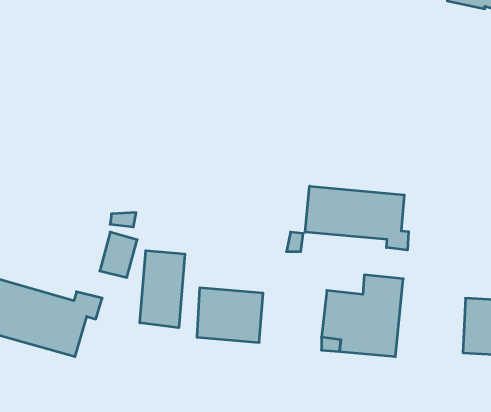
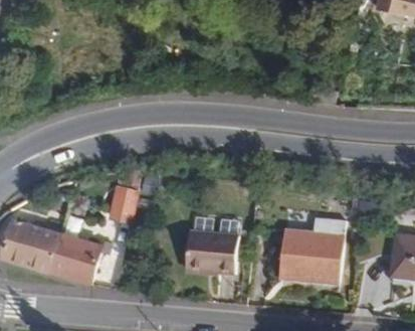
building: [305,186,409,250] -> none
building: [140,251,185,328] -> none

